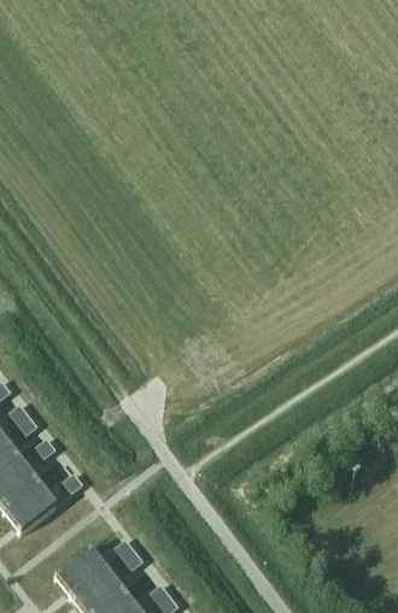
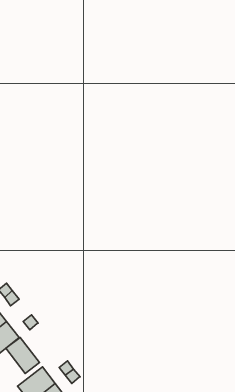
building: none -> [6,337,40,373]

